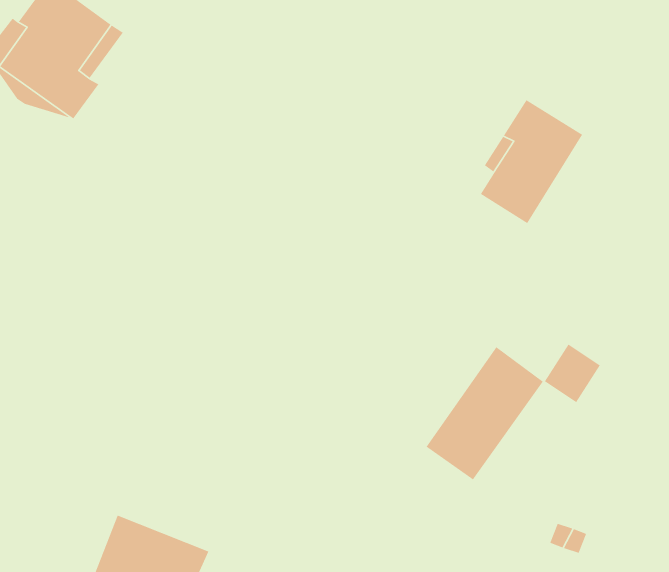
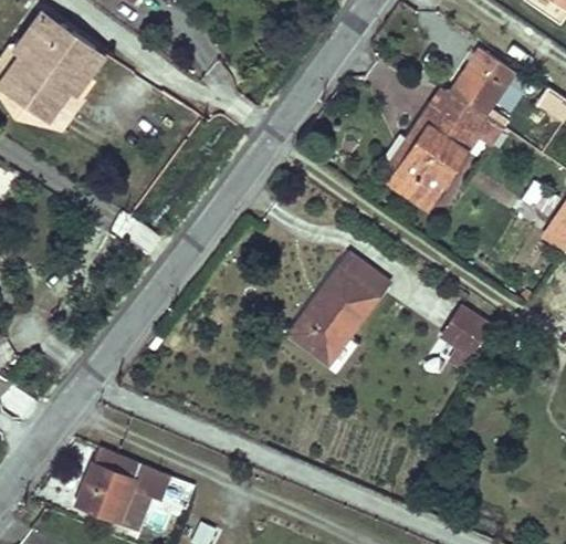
building: none -> [453,50,517,115]
building: none -> [429,90,488,137]
building: [426,346,544,481] -> [291,254,387,364]

